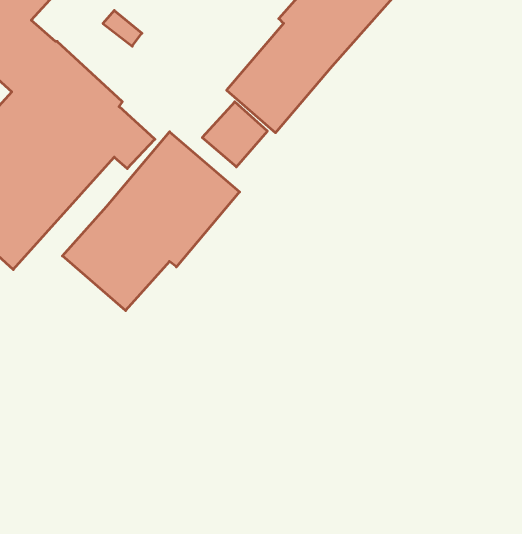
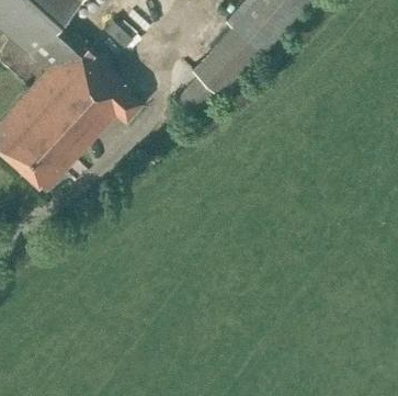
building: [62,132,240,311] -> none

